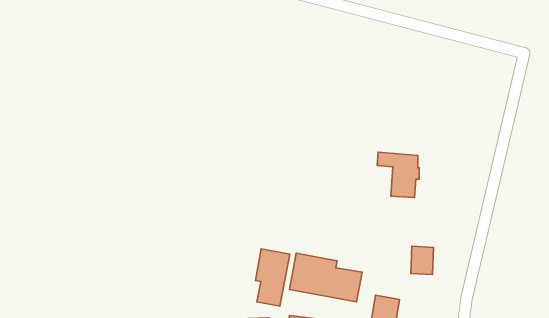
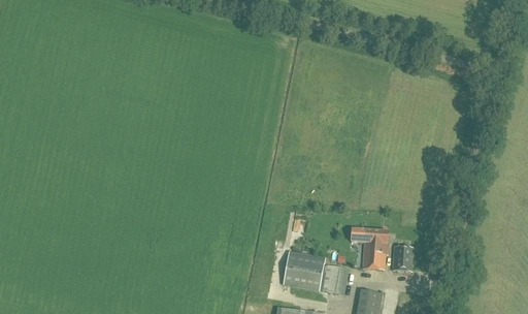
building: [377,152,419,197] -> [351,228,389,270]
building: [256,249,290,306] -> none

